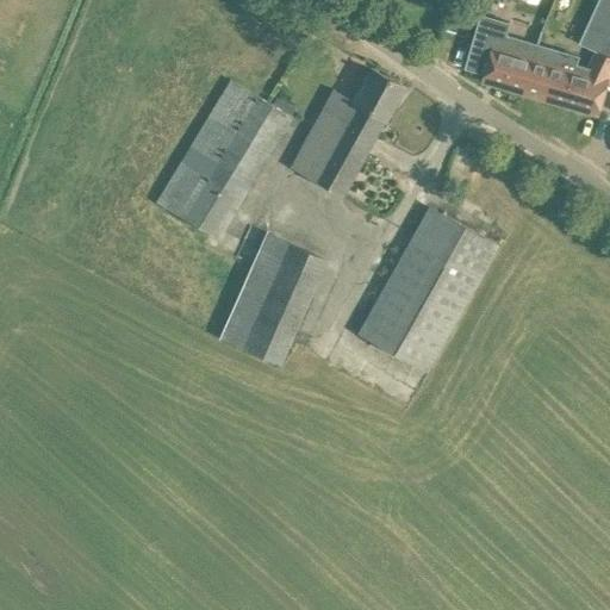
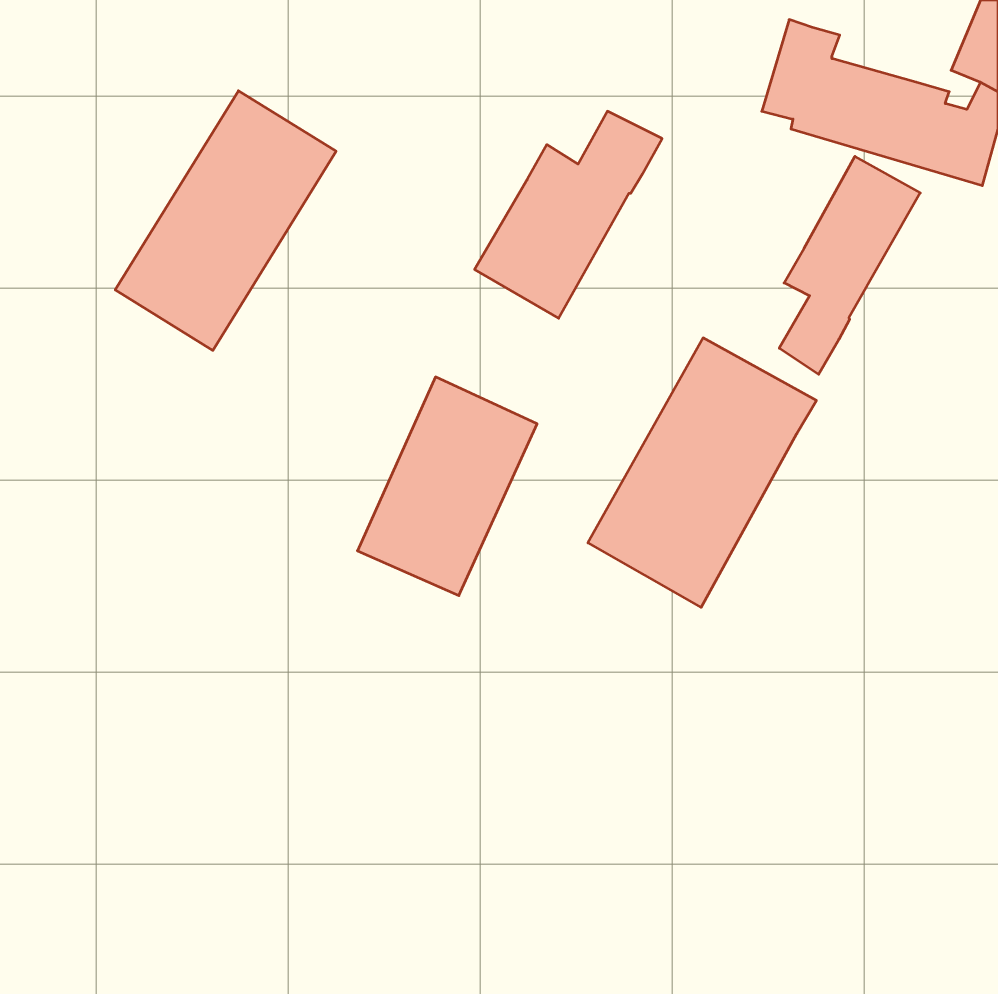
building: [155,79,290,237] -> [115,91,336,350]
building: none -> [779,156,920,374]

